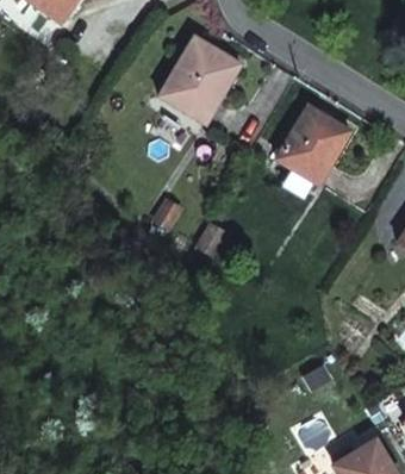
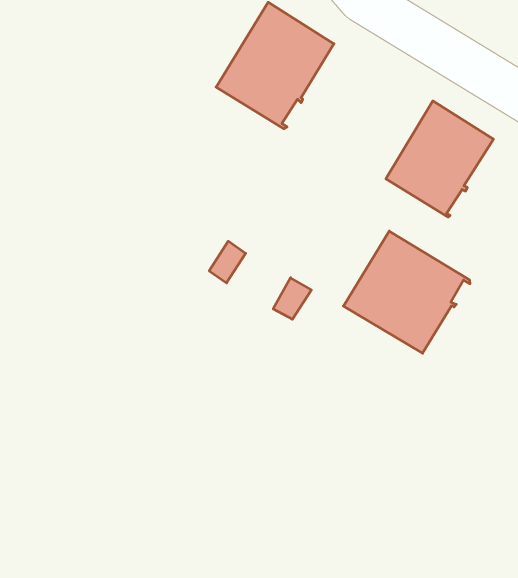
building: none -> [343,231,470,353]

